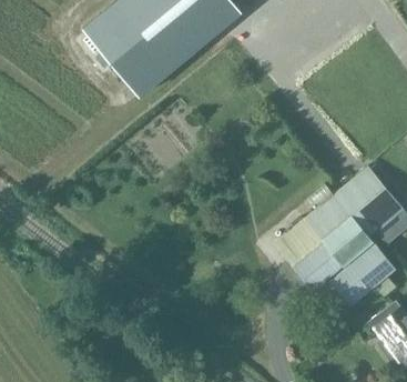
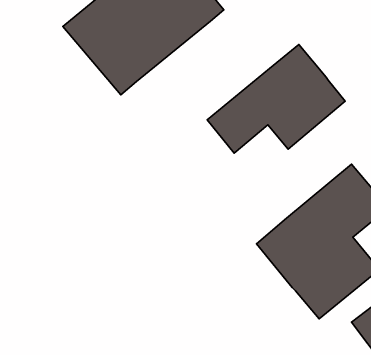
building: none -> [207,45,345,153]

